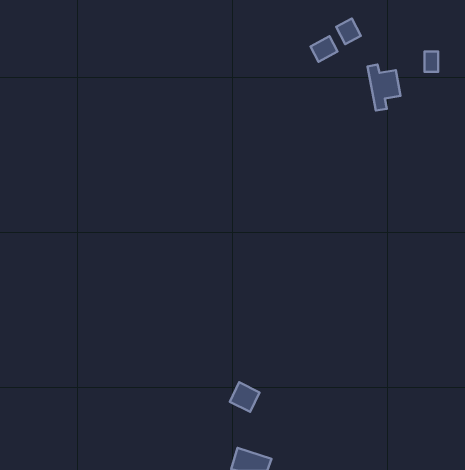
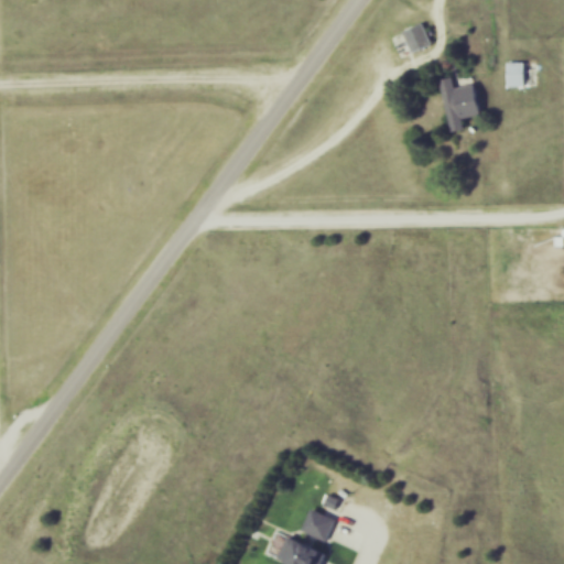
building: [311,36,338,62] -> none
building: [230,382,259,412] -> [300,508,335,543]

